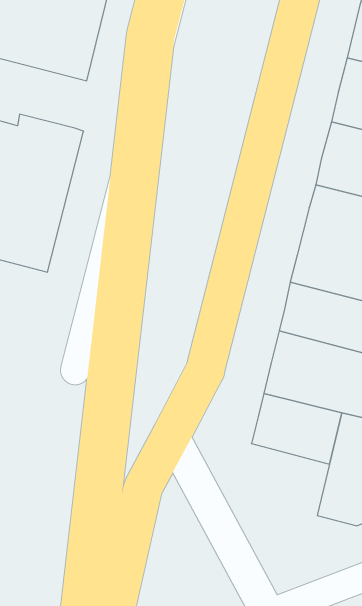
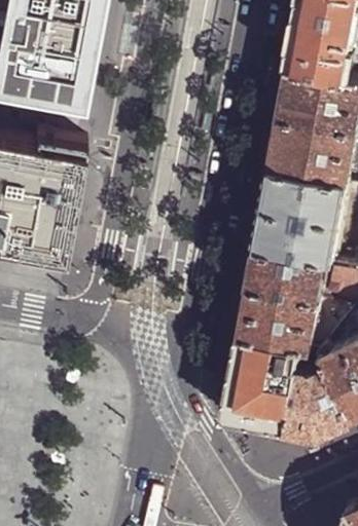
building: none -> [220,384,291,438]

